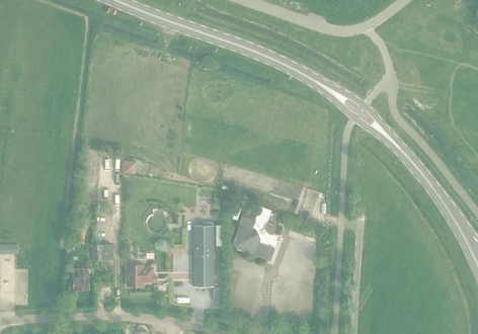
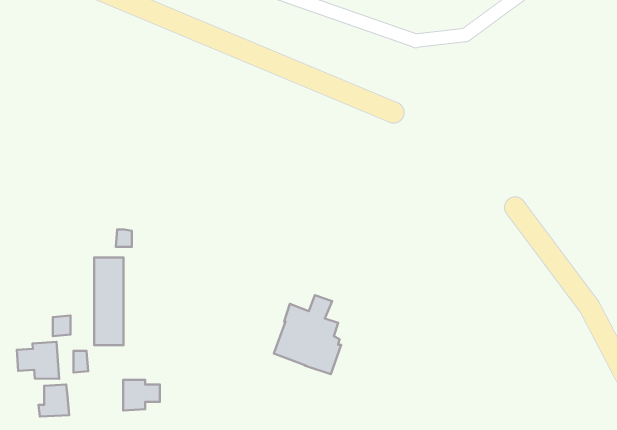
building: [192,226,213,286] -> [94,258,123,345]
building: none -> [17,342,59,379]

